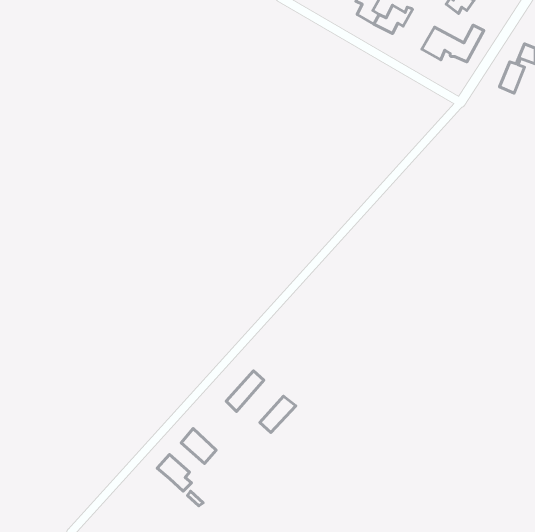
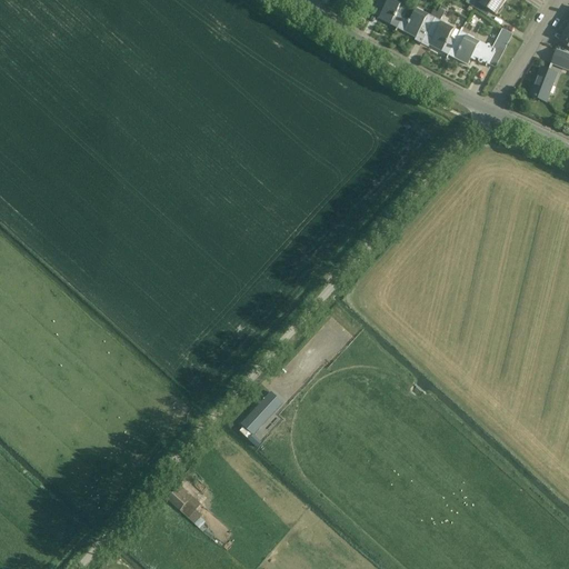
building: none -> [428,6,453,52]
building: [260,396,296,432] -> none
building: [181,428,216,463] -> none

